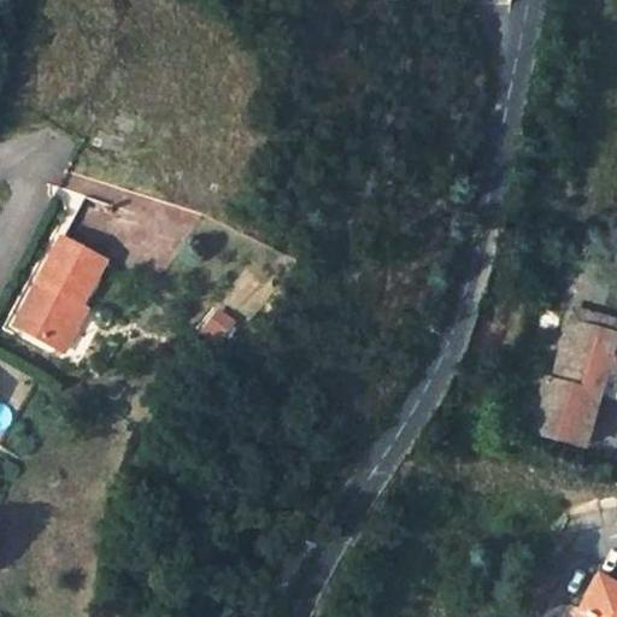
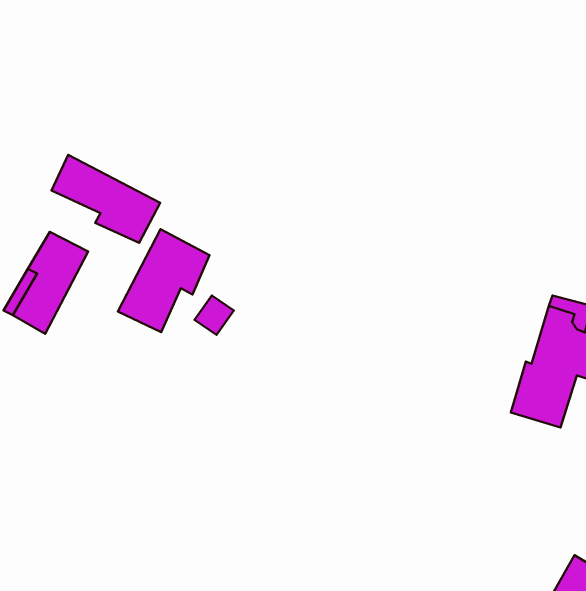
building: none -> [52,155,160,243]
building: none -> [118,229,210,332]

